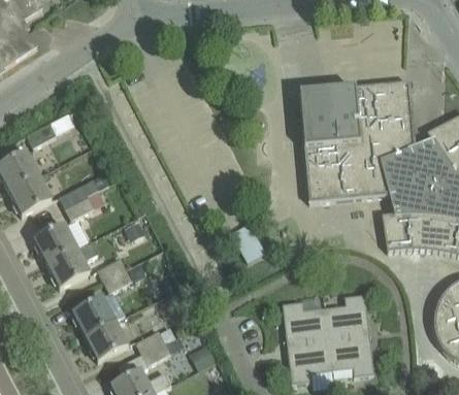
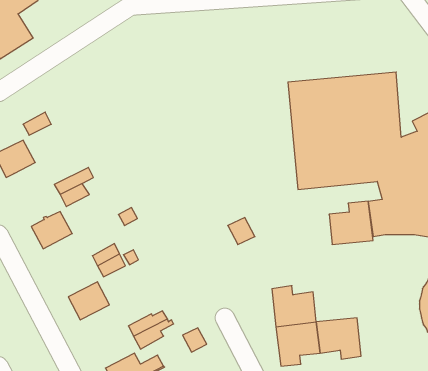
building: [9,170,62,213] -> none
building: [47,240,99,287] -> none
building: [325,293,370,337] -> [329,201,373,244]
building: [86,320,128,360] -> none

